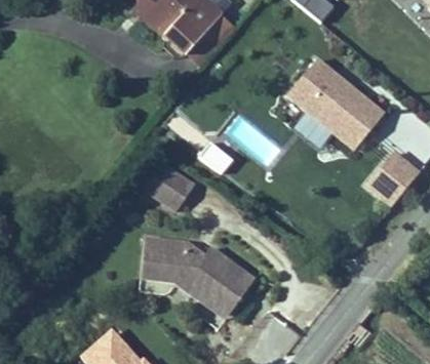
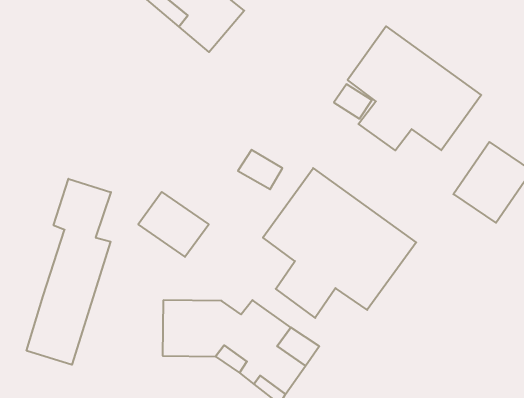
building: none -> [27,179,111,365]
building: none -> [263,168,416,318]

